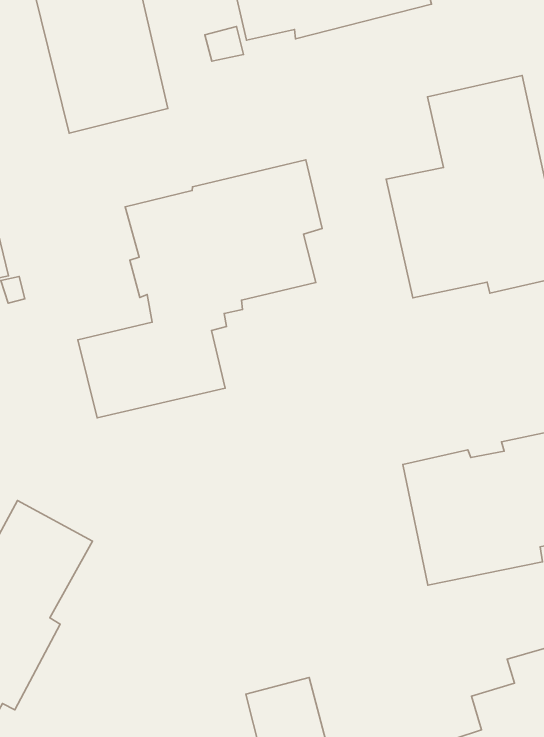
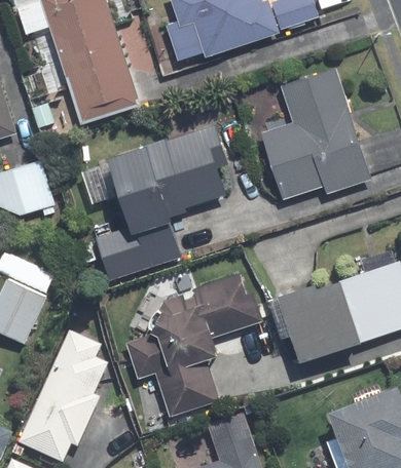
building: none -> [143,274,260,417]

